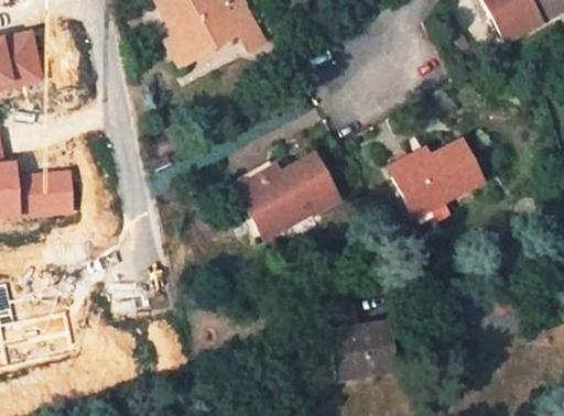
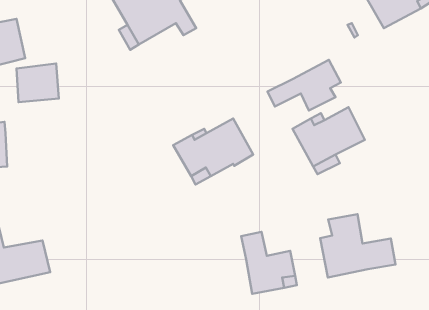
building: none -> [268,60,341,111]
building: [20,167,74,217] -> [17,63,59,102]
building: none -> [320,214,396,278]

